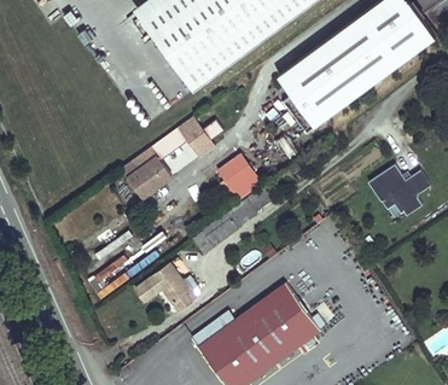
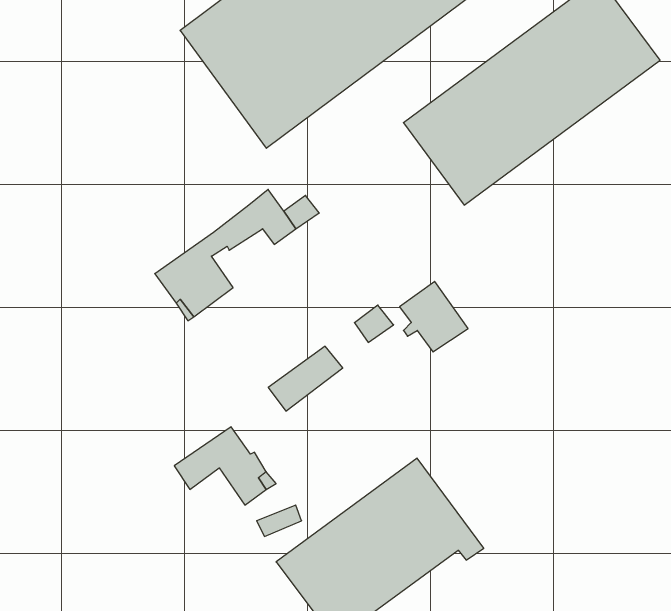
building: [217,154,260,198] -> [400,281,468,352]
building: [370,165,430,223] -> none

